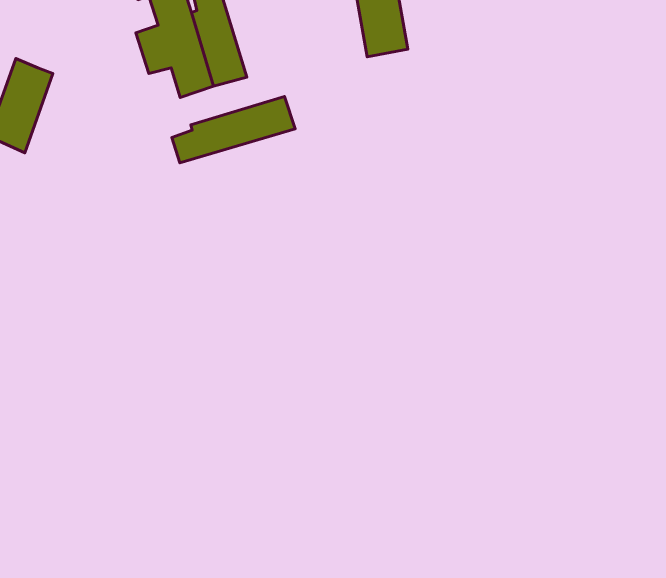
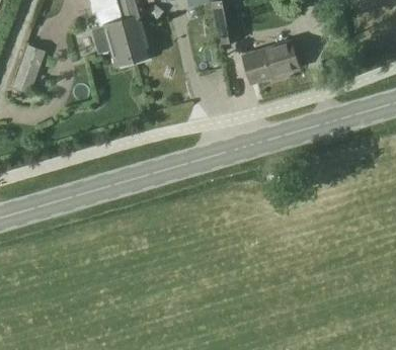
building: none -> [242,37,299,80]
building: [172,97,295,163] -> none

